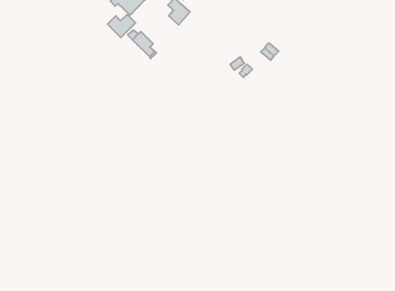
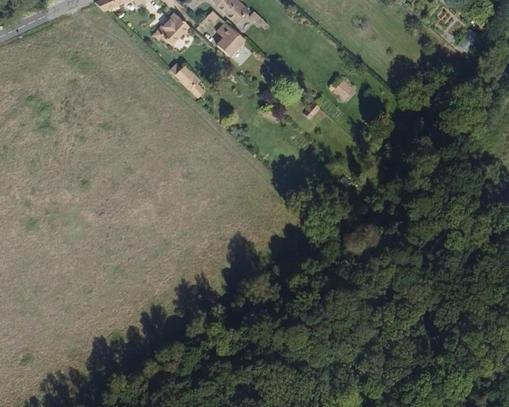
building: [108,15,136,37] -> none

